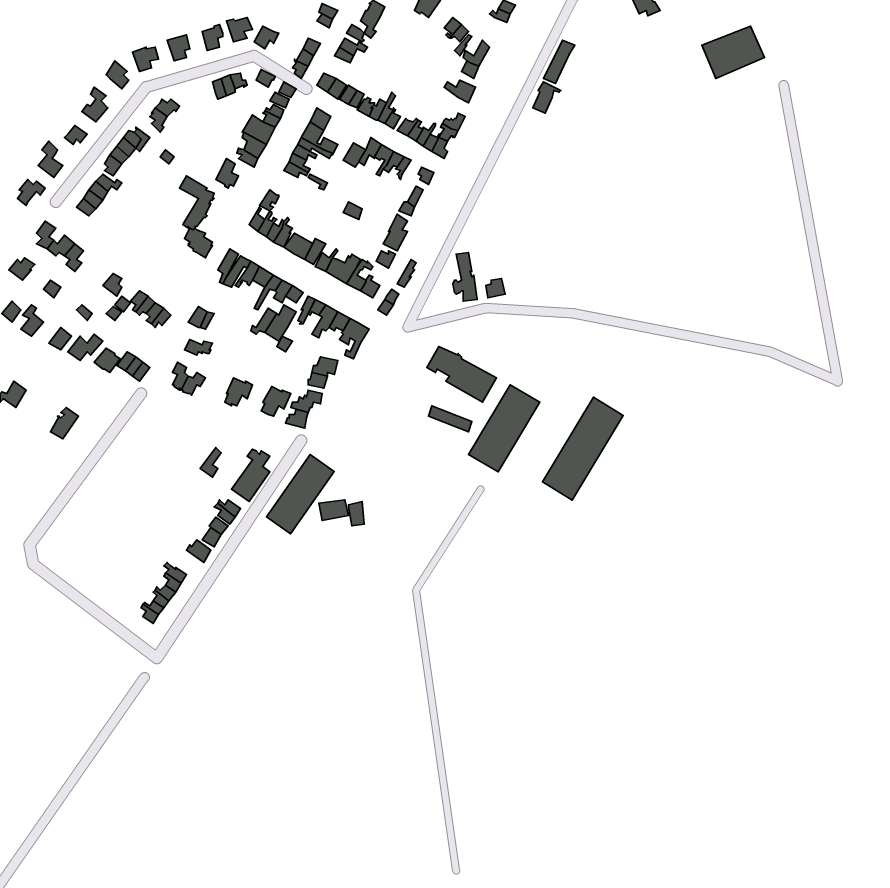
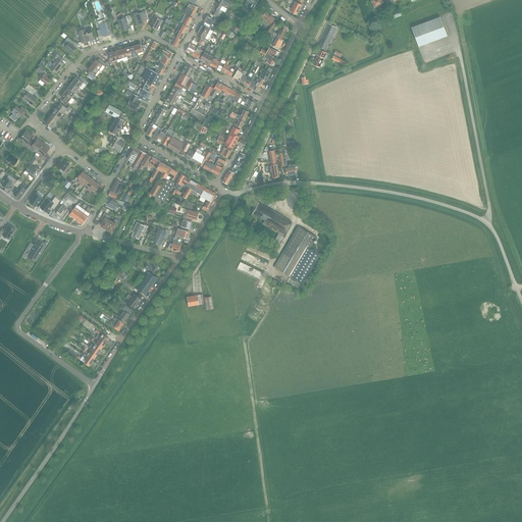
building: [543,397,623,500] -> none
building: [266,454,334,534] -> none

